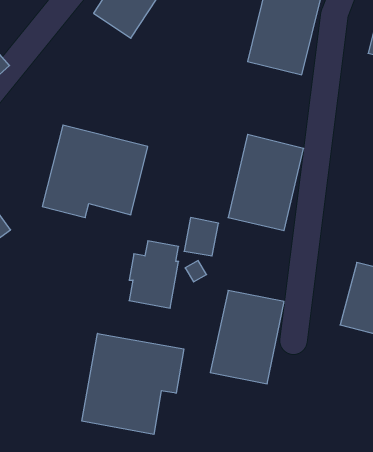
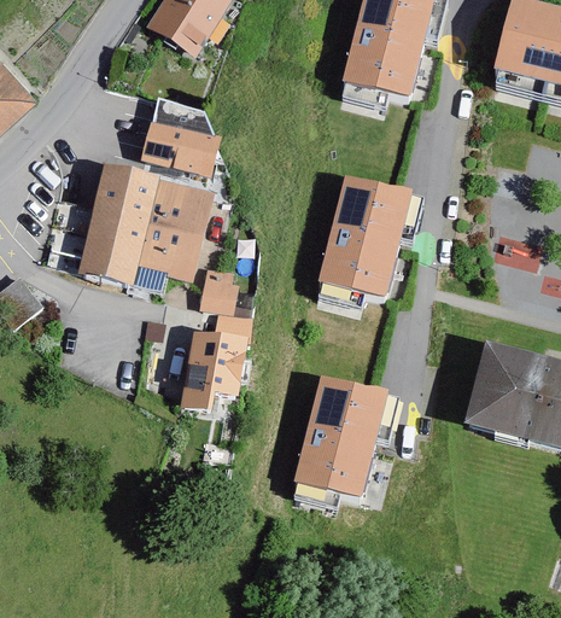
building: none -> [140,95,222,174]
building: [184,218,219,256] -> [199,263,244,313]
building: [82,333,184,434] -> none

